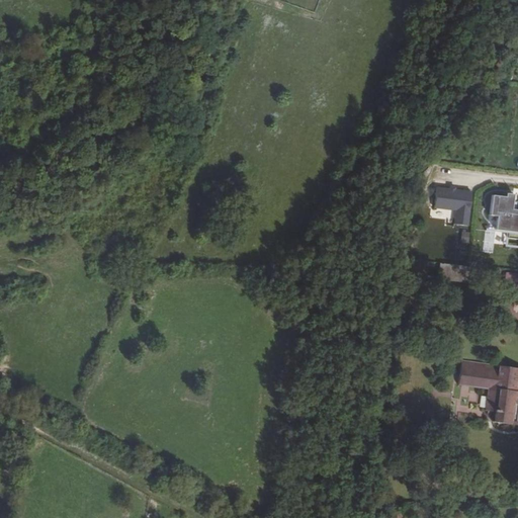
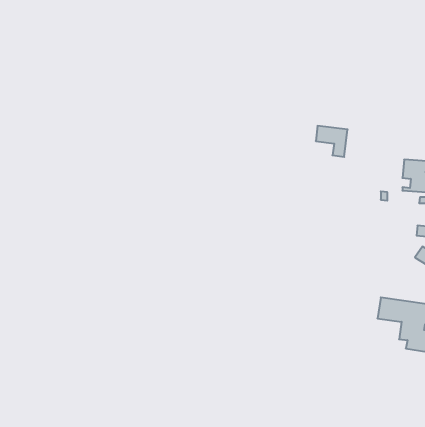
building: [437,188,476,226] -> [316,126,348,157]

